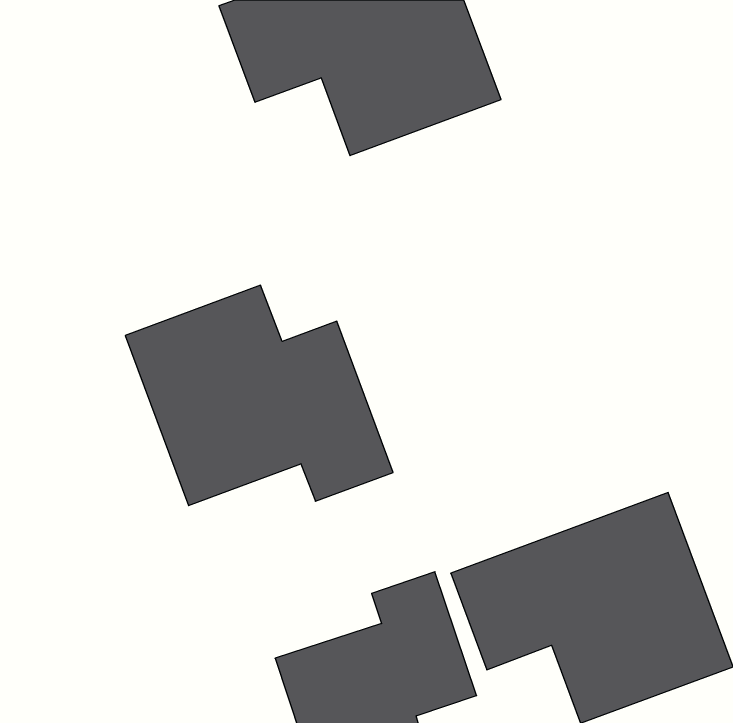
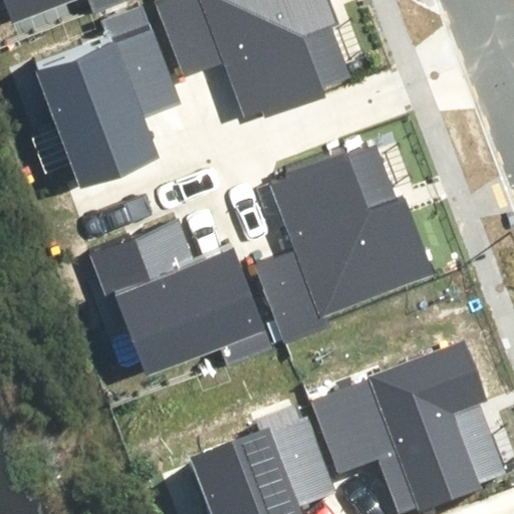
building: none -> [31,13,171,177]
building: none -> [258,147,430,334]

